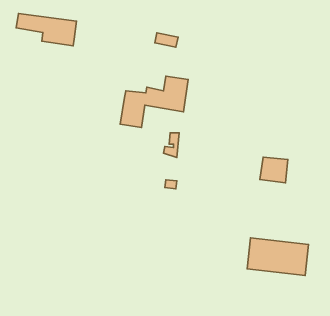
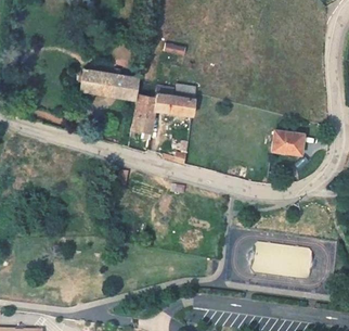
building: [16,13,76,46] -> [79,73,138,104]
building: [260,157,288,183] -> [272,129,299,154]

